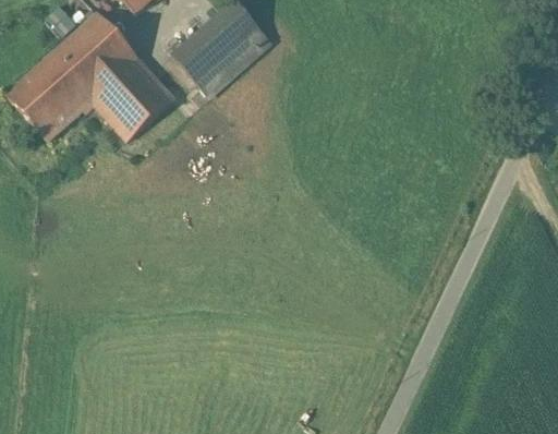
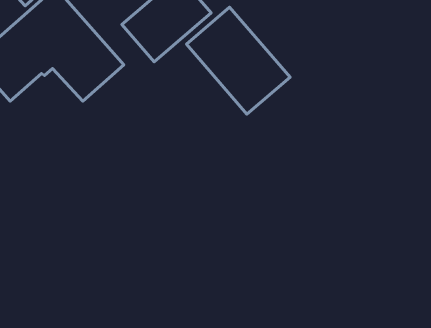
building: none -> [186,7,290,114]

